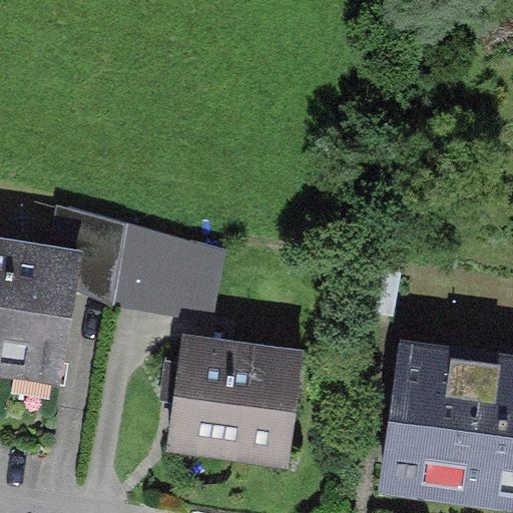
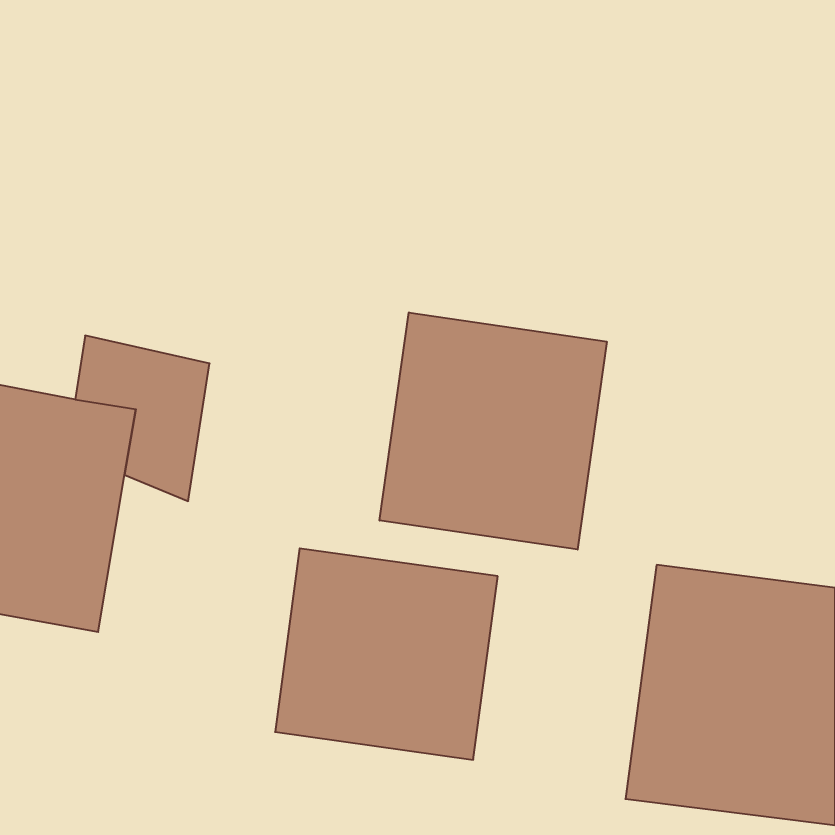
building: none -> [380,312,607,550]
building: [115,223,193,318] -> none

